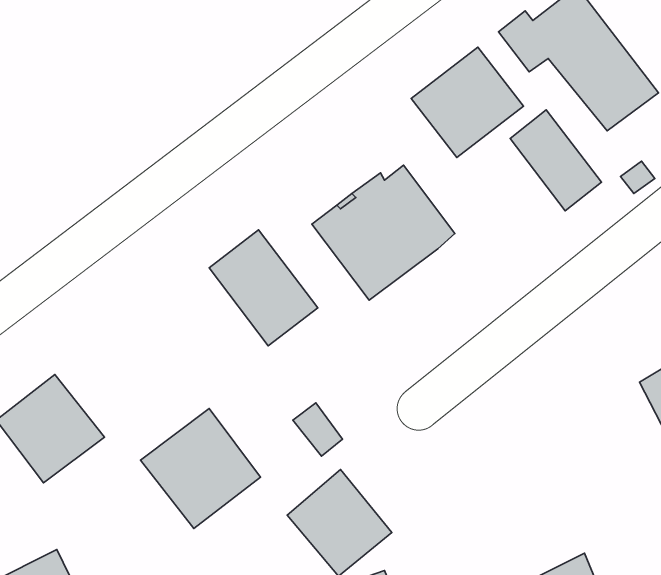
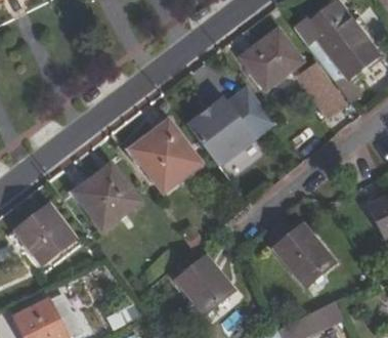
building: [140,409,260,529] -> [76,165,140,229]
building: none -> [273,224,337,289]

